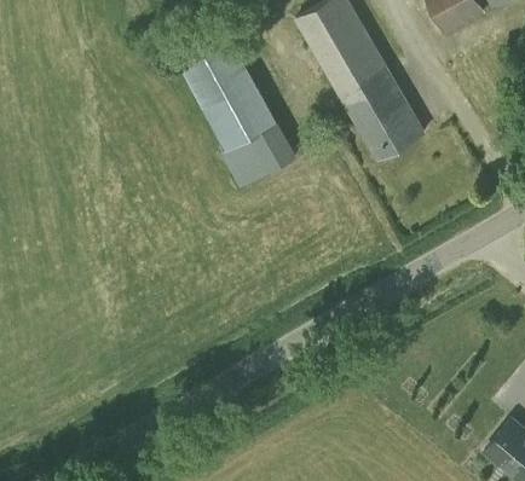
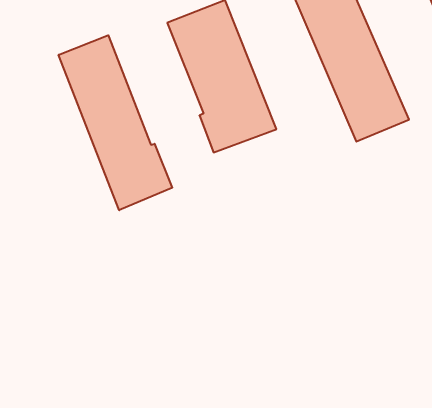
building: none -> [59,35,172,210]

